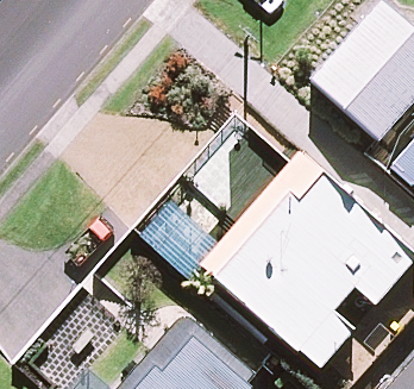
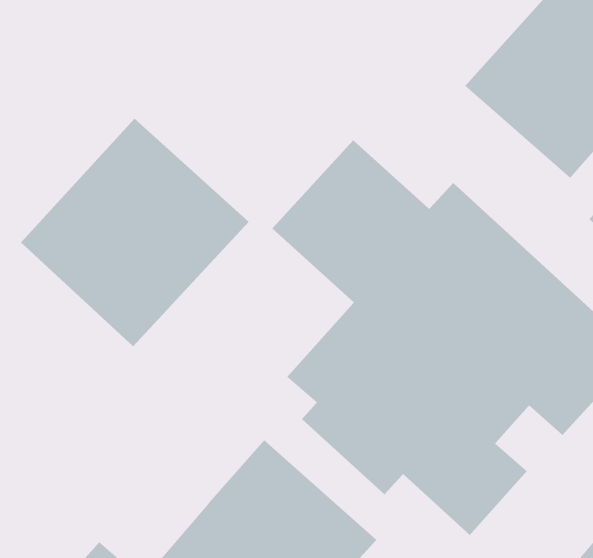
building: none -> [20,118,249,347]

